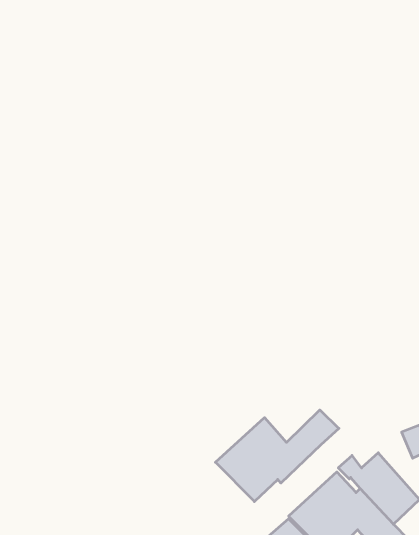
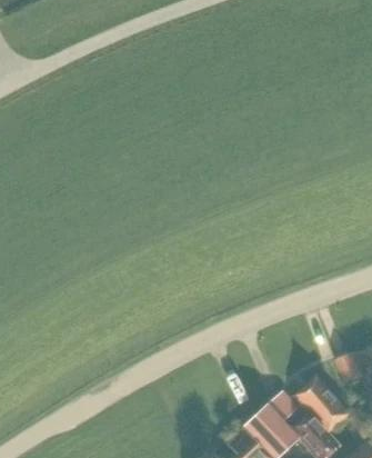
building: [215,410,339,502] -> none

